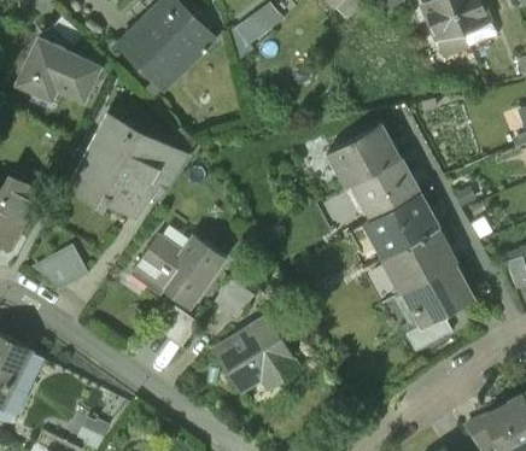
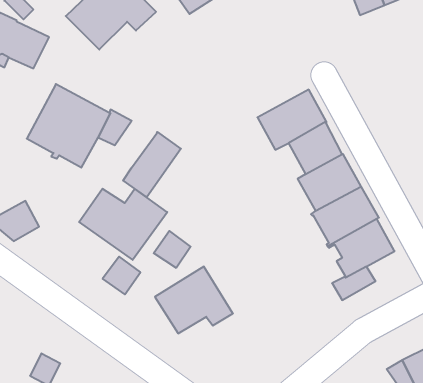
building: none -> [123,132,181,197]

